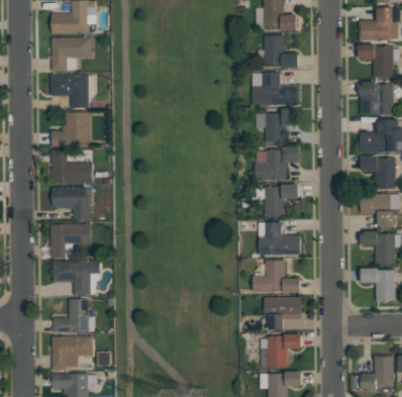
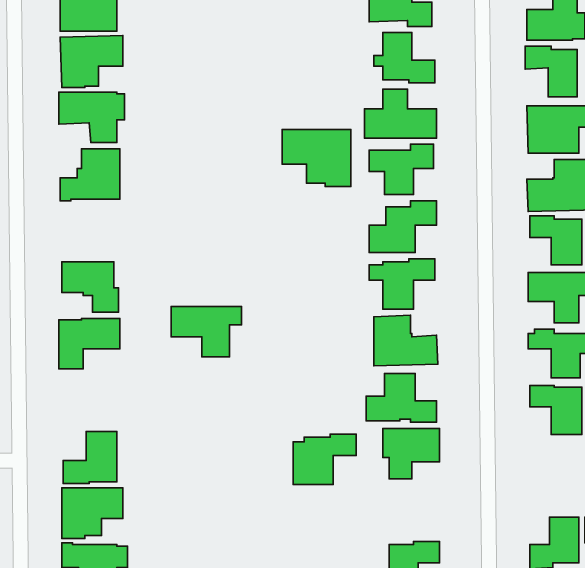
building: none -> [282,130,351,187]
building: [52,151,93,184] -> none
building: [54,262,100,295] -> [171,306,242,357]
building: [261,334,302,368] -> [293,434,356,485]

